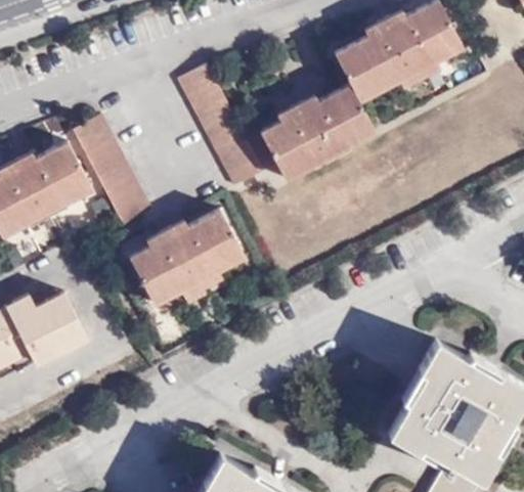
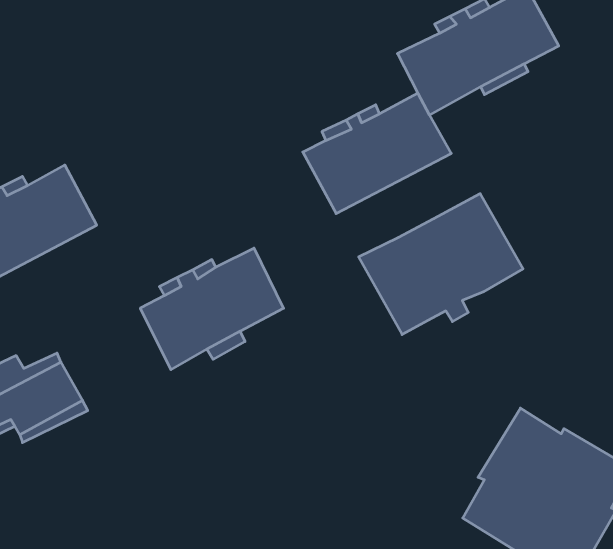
building: [181,66,263,187] -> none
building: [73,116,151,228] -> none
building: none -> [359,194,523,335]

